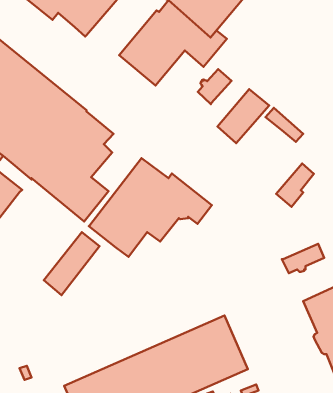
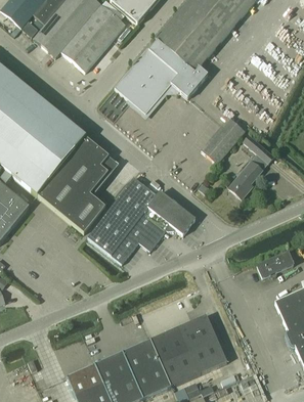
building: [198,69,232,104] -> none
building: [276,163,314,207] -> [228,160,261,197]
building: [44,232,100,295] -> none

